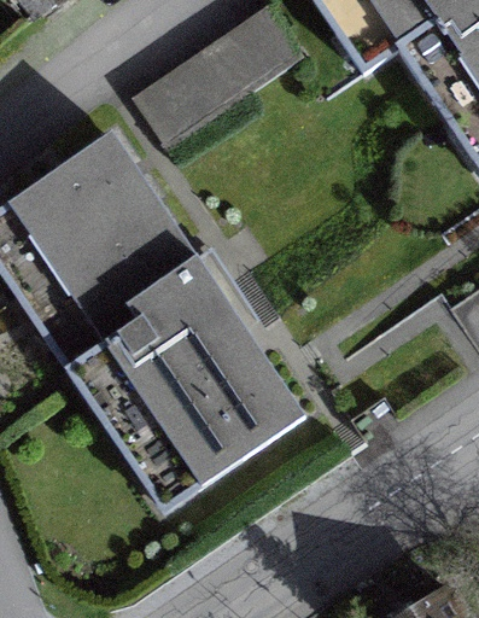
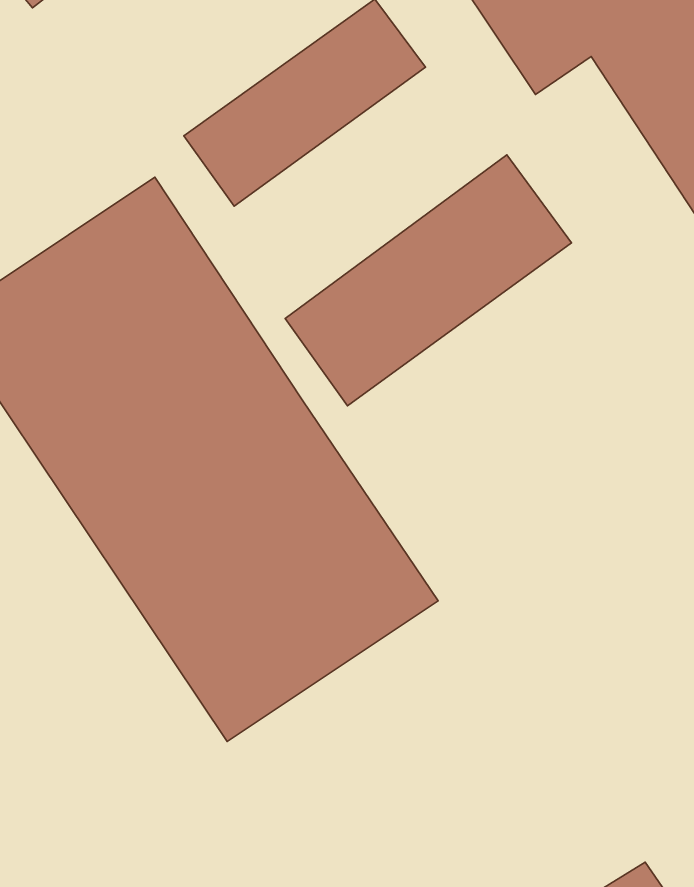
building: none -> [285,155,572,406]

